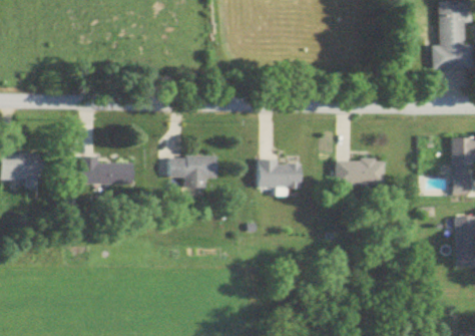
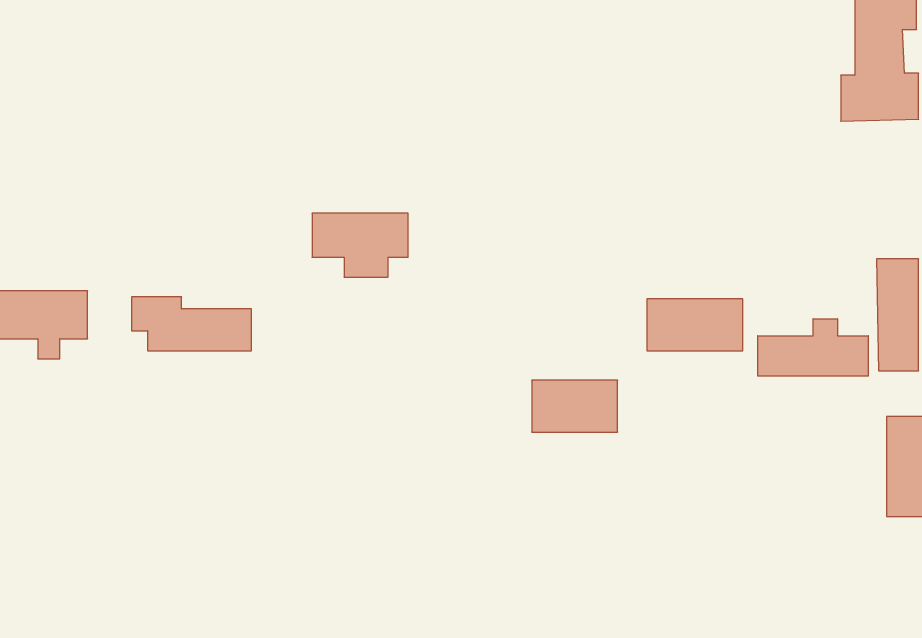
building: [172,156,220,189] -> [312,213,408,277]
building: [263,161,306,188] -> [532,380,618,432]
building: none -> [758,319,868,376]

